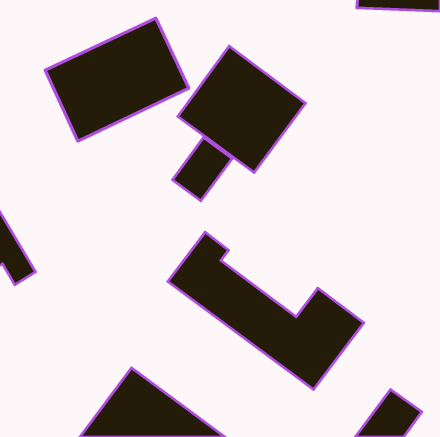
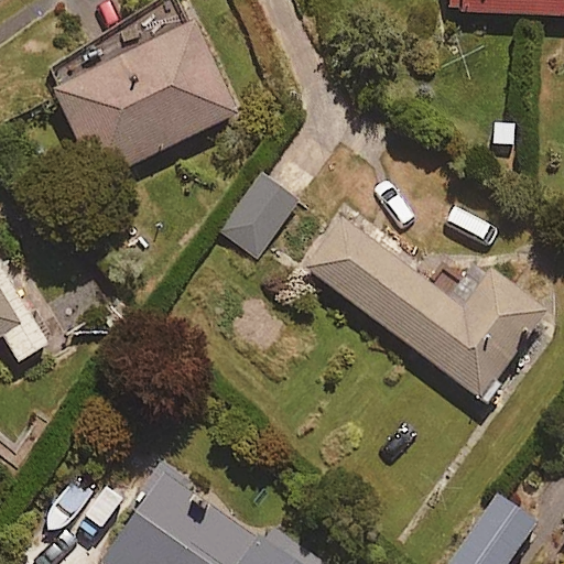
building: [178,46,305,173] -> none
building: [168,232,364,390] -> [297,199,546,400]

